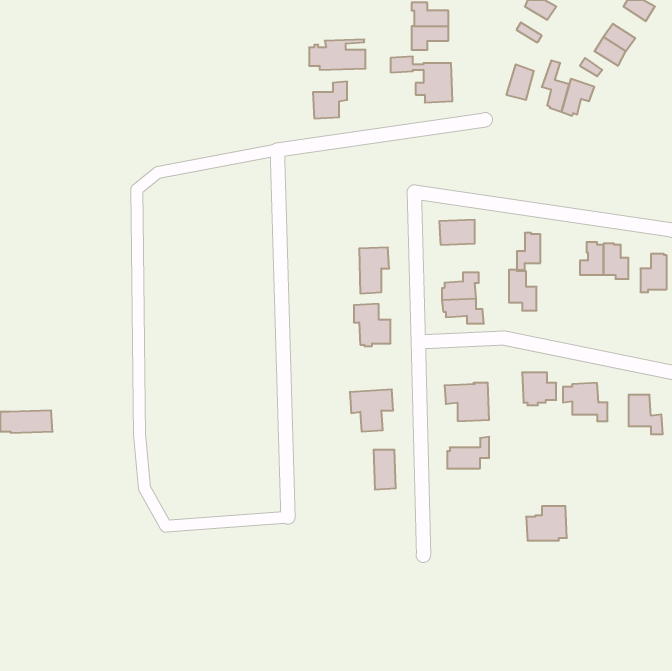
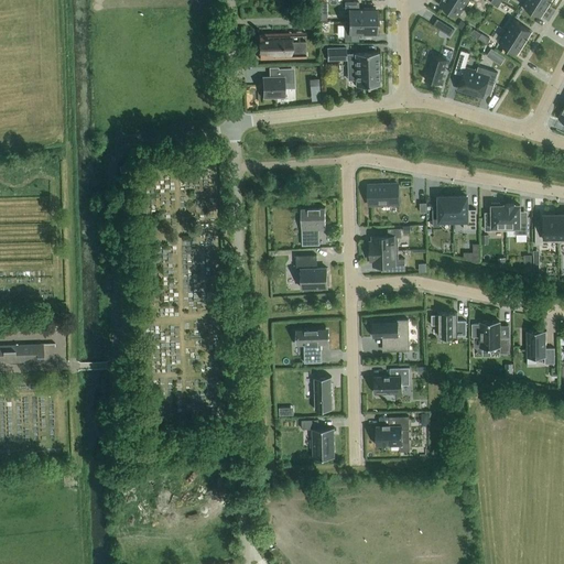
building: [509,270,537,311] -> [453,196,476,230]
building: none -> [302,421,336,459]
building: [526,506,567,540] -> [376,417,410,446]

